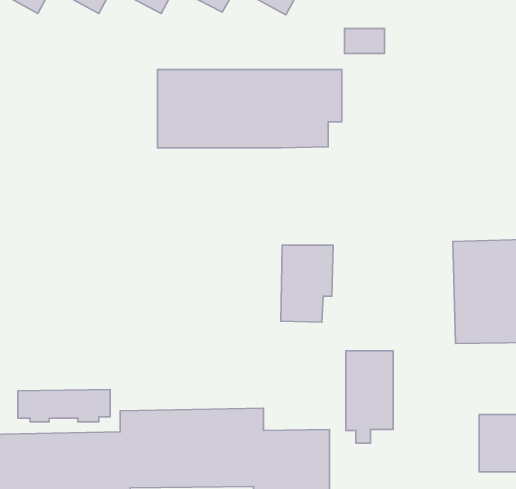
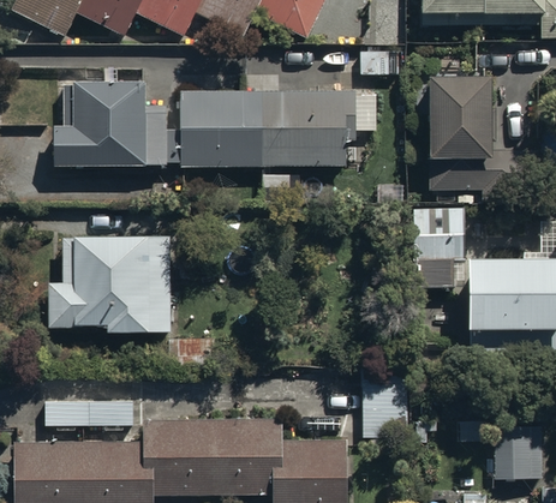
building: none -> [425,72,508,191]
building: none -> [54,80,179,164]
building: none -> [49,236,172,331]
building: [281,245,333,322] -> [414,210,465,285]

